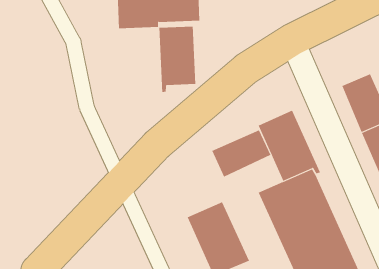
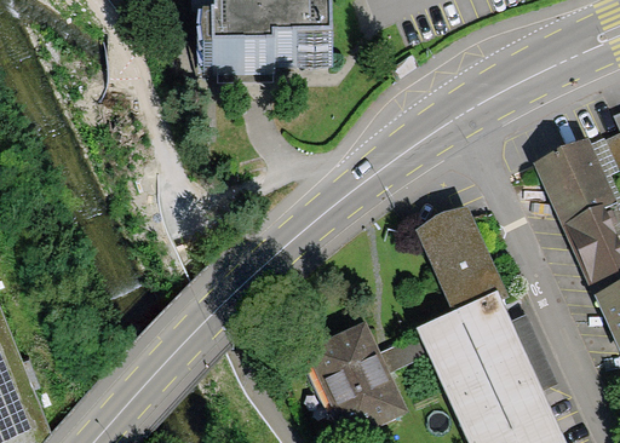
building: [159,26,196,93] -> none
building: [212,129,271,177] -> none

